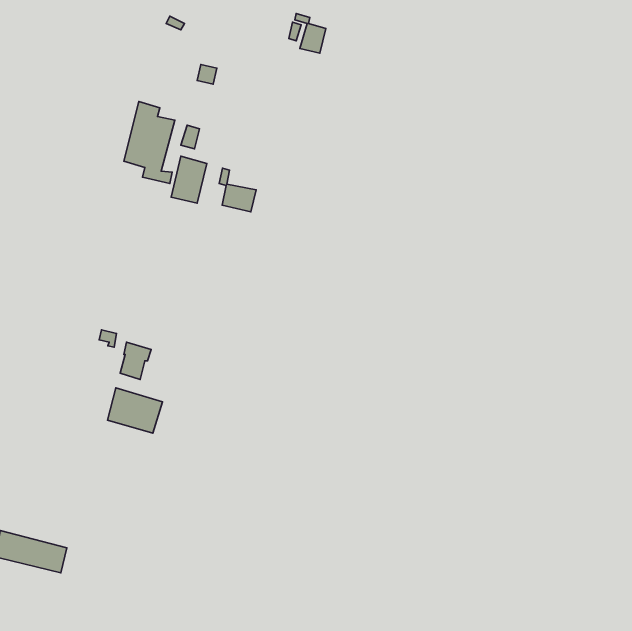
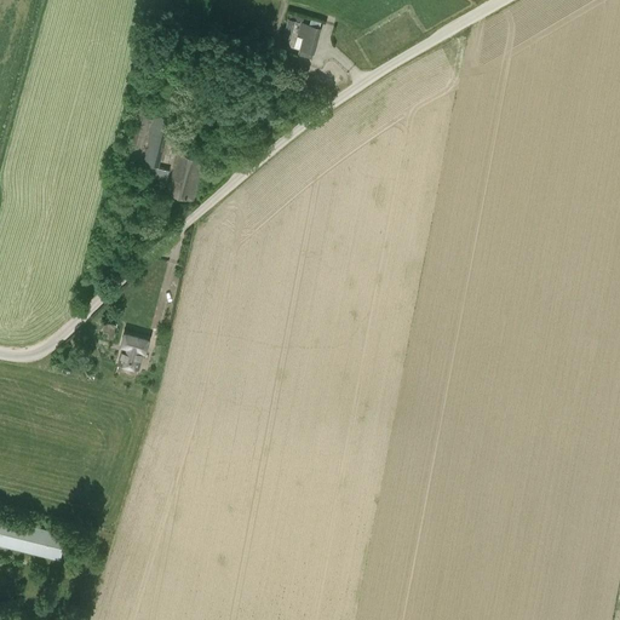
building: [219,168,256,212] -> none
building: [107,388,162,433] -> none

